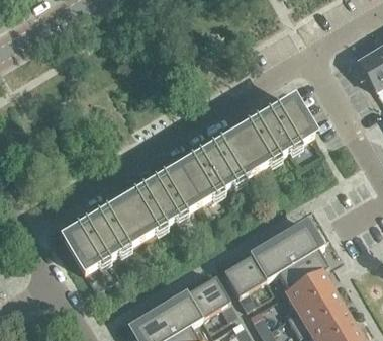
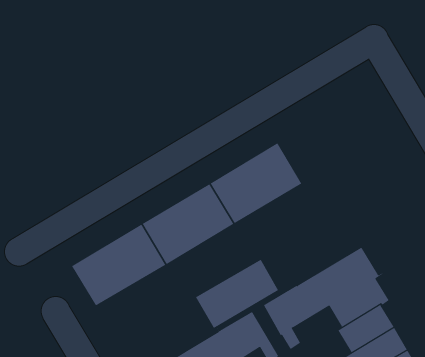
building: [235,101,313,170] -> none
building: none -> [195,259,279,329]

